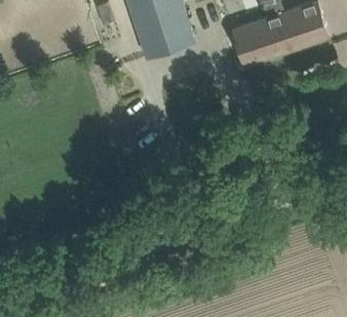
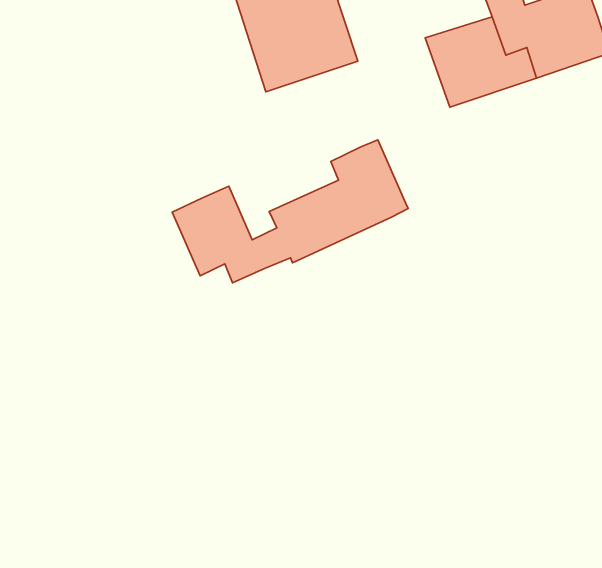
building: none -> [172,140,408,283]

